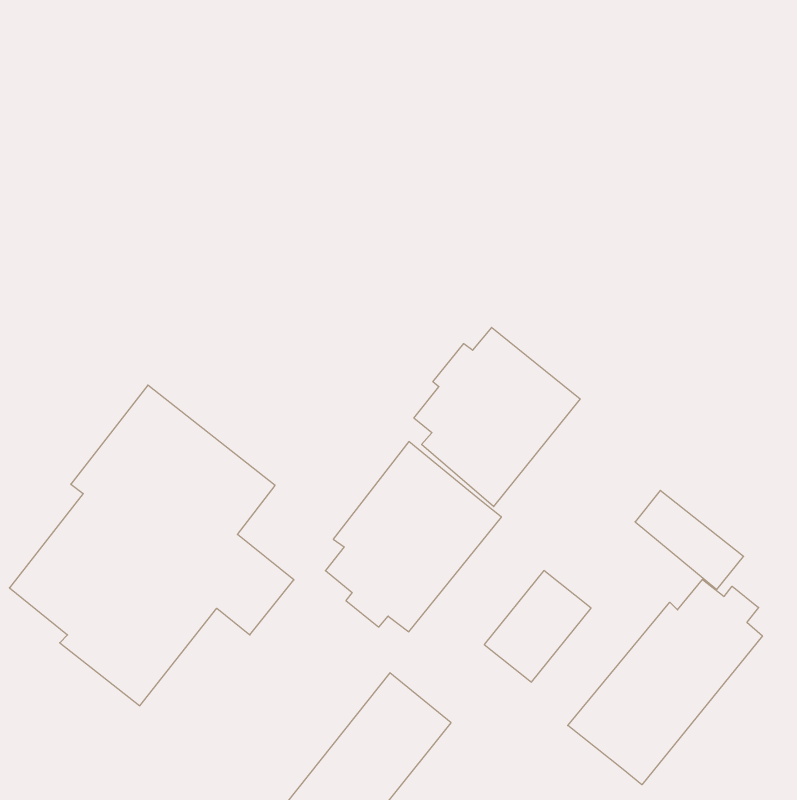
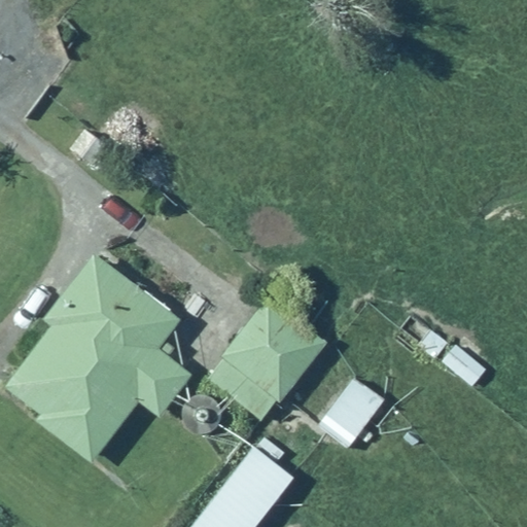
building: [414,327,580,507] -> none
building: [568,579,762,785] -> none

